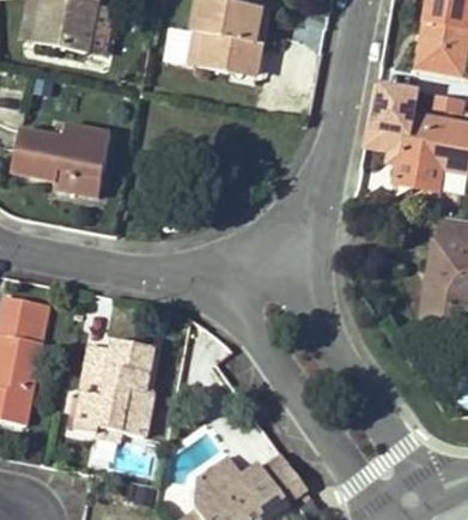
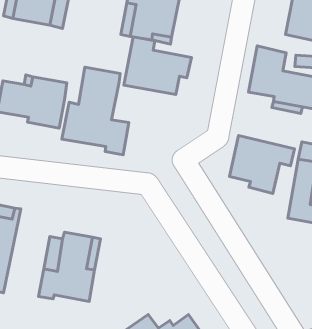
building: none -> [124,37,191,95]
building: none -> [62,67,129,155]
building: none -> [229,136,294,193]

